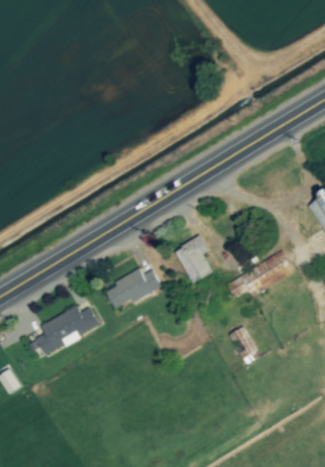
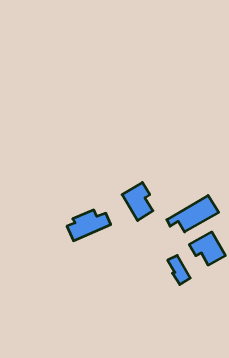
building: none -> [189,232,225,265]
building: [28,306,99,353] -> none

